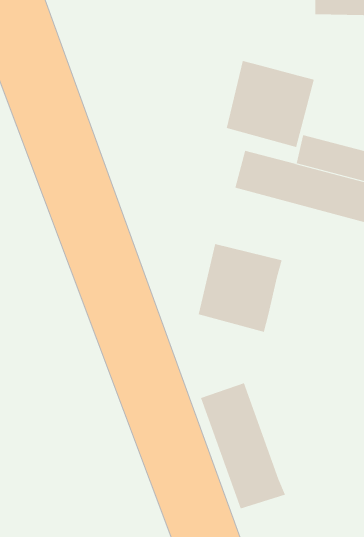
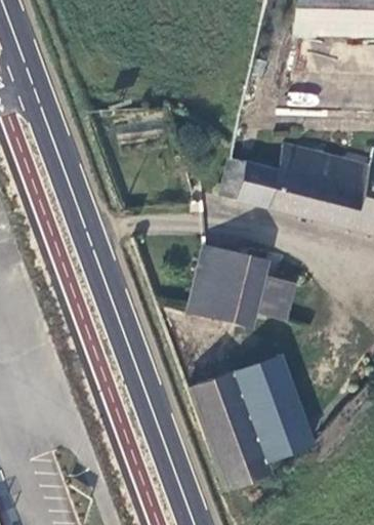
building: [226,60,315,148] -> none
building: none -> [254,275,295,319]
building: none -> [232,356,314,461]

